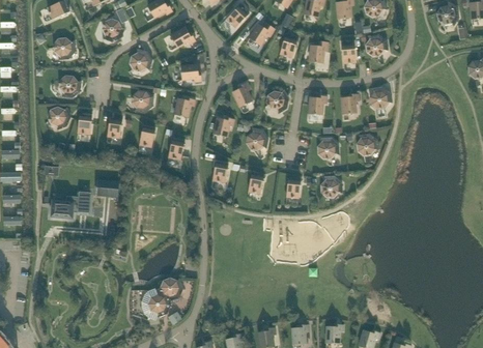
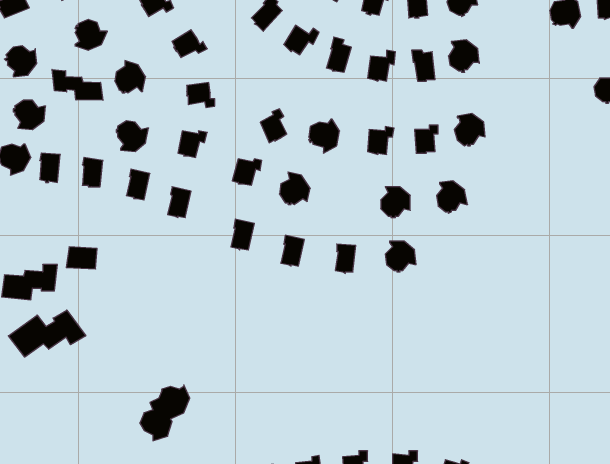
building: none -> [52,69,103,100]
building: none -> [8,310,86,357]

